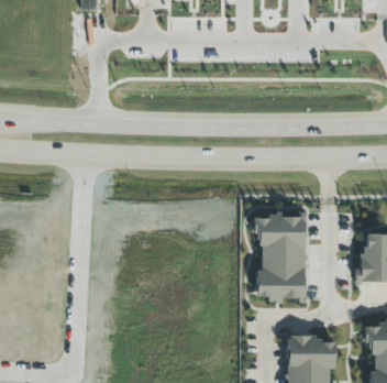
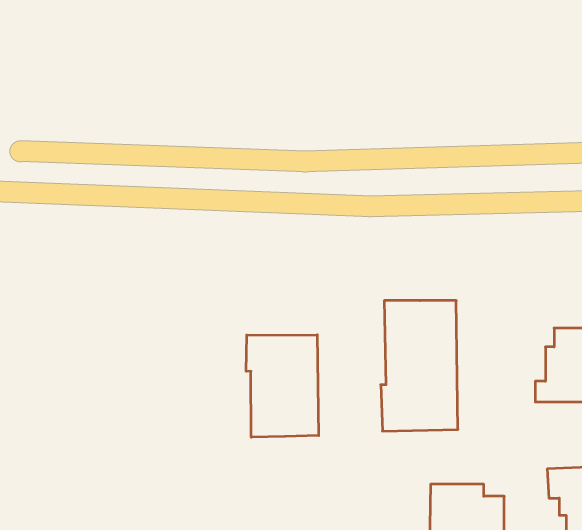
building: none -> [246,335,319,437]

